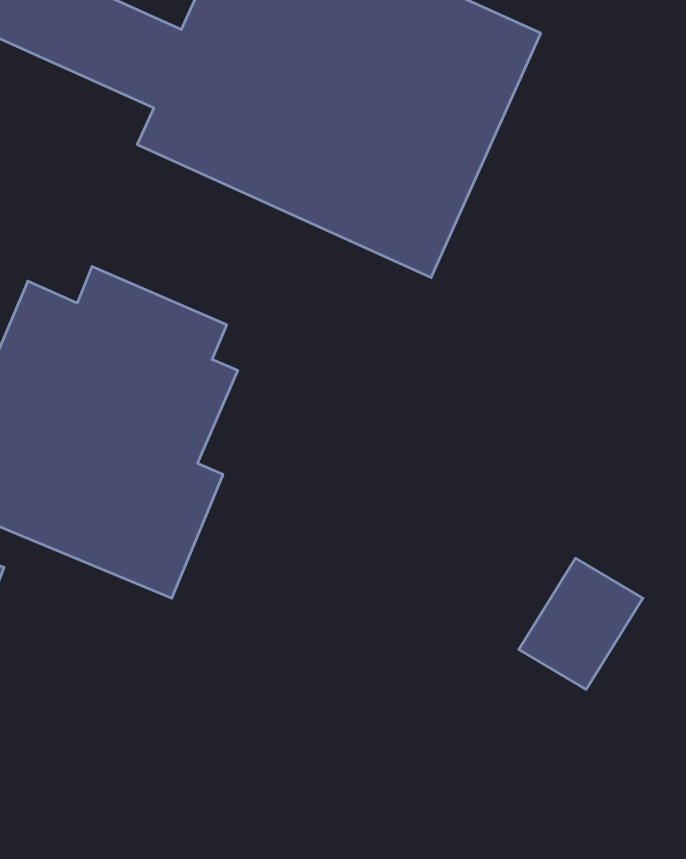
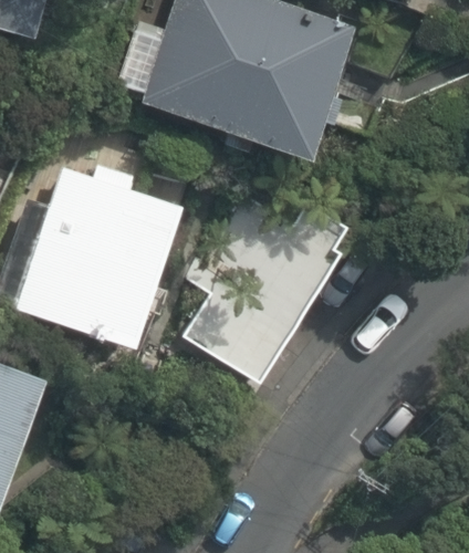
building: none -> [168,216,336,388]

